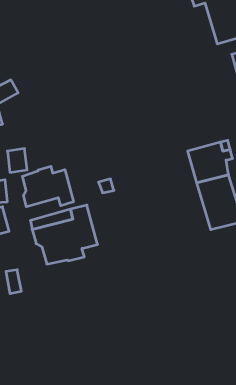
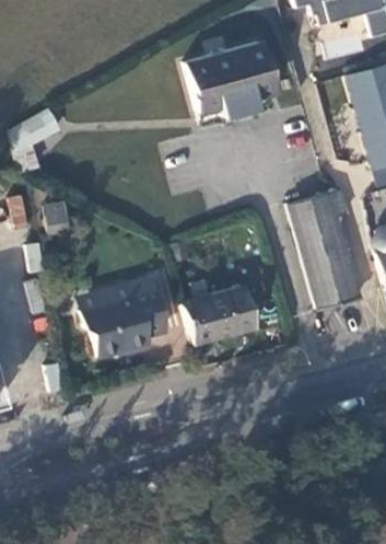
building: none -> [185,44,272,112]
building: [22,166,73,207] -> none
building: none -> [183,288,255,345]

